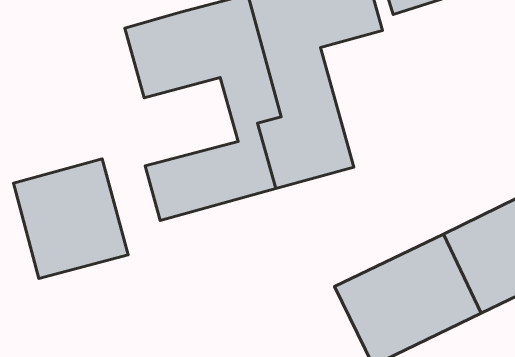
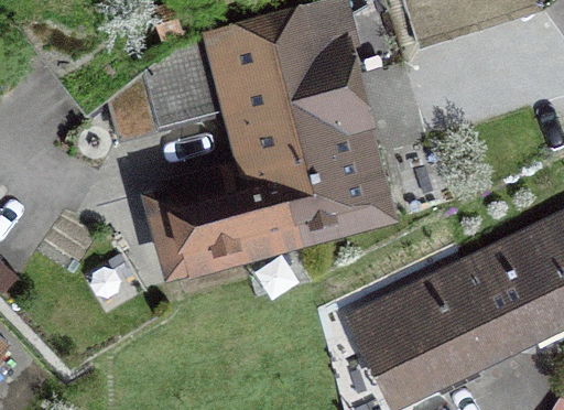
building: [14,159,128,279] -> none

